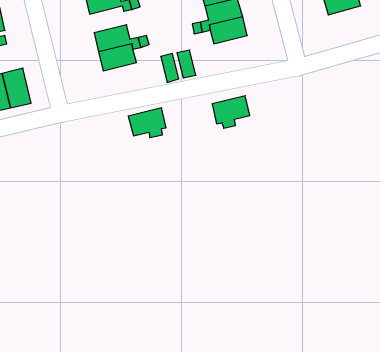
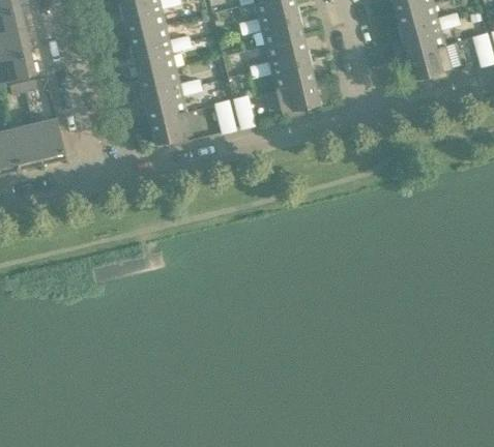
building: none -> [130,44,173,76]
building: none -> [405,44,448,79]
building: [212,96,250,128] -> [273,79,317,116]
building: [128,108,166,138] -> [146,110,190,144]

